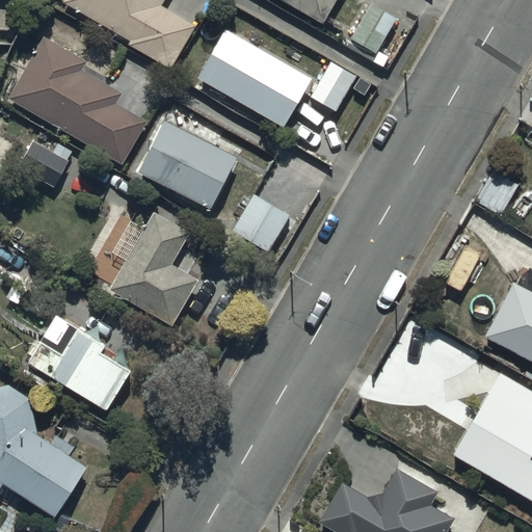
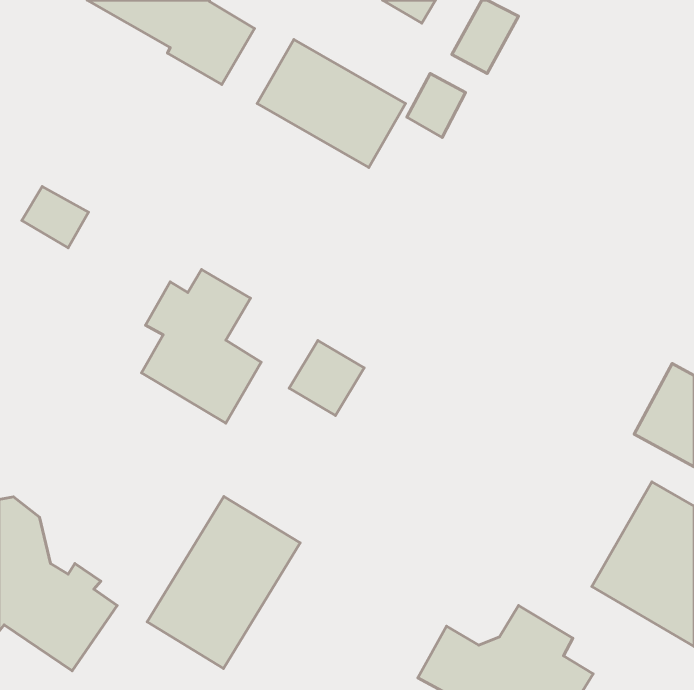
building: [10,36,147,163] -> none
building: [136,118,237,207] -> none
building: [232,193,289,250] -> [289,341,364,415]
building: [26,312,132,410] -> none
building: none -> [147,496,300,668]

